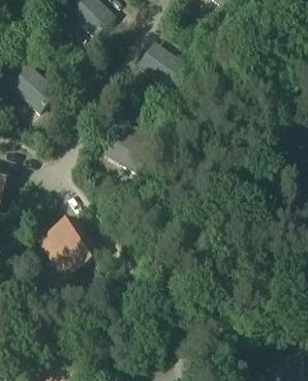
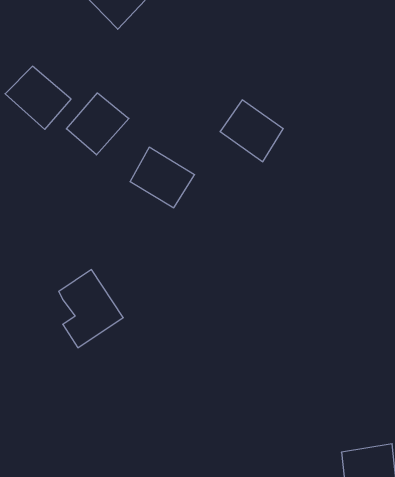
building: [136,41,184,88] -> [220,100,283,162]
building: none -> [66,93,129,155]

